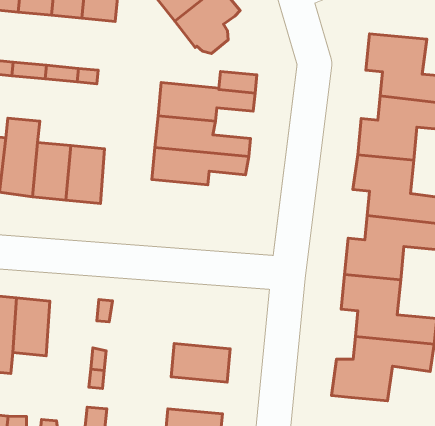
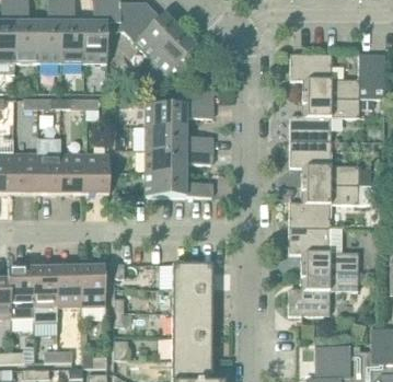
building: none -> [145,173,211,197]
building: none -> [80,266,106,319]
building: none -> [172,264,212,289]
building: none -> [172,313,212,336]

